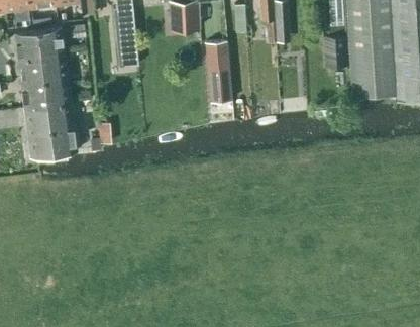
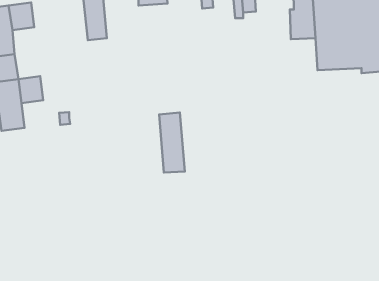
building: [206,39,232,100] -> [159,113,185,172]
building: [42,50,71,103] -> none
building: [51,124,78,152] -> none

